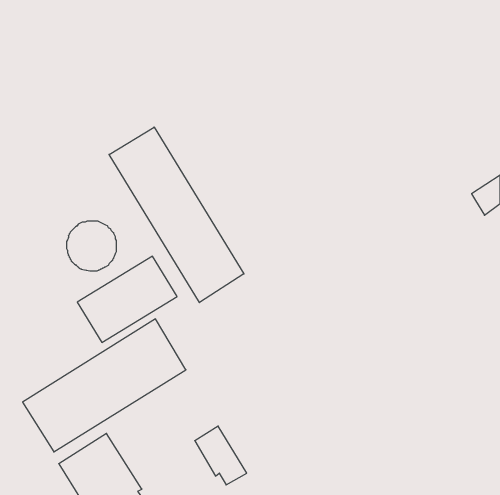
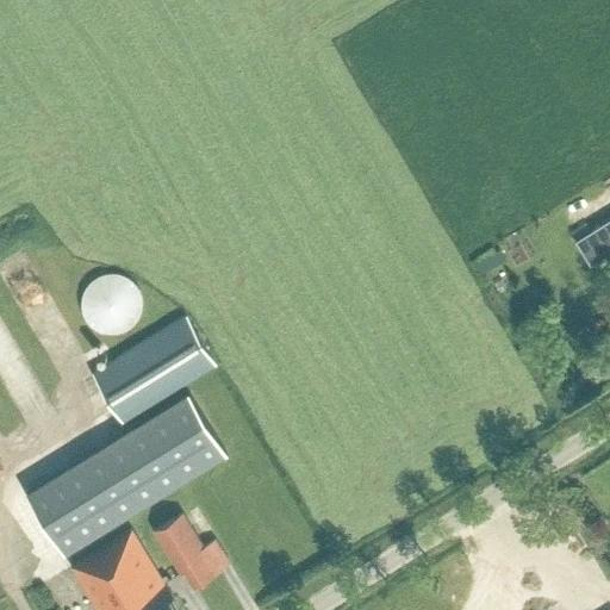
building: [109,127,244,303] -> none
building: [195,426,247,485] -> [155,517,218,589]

